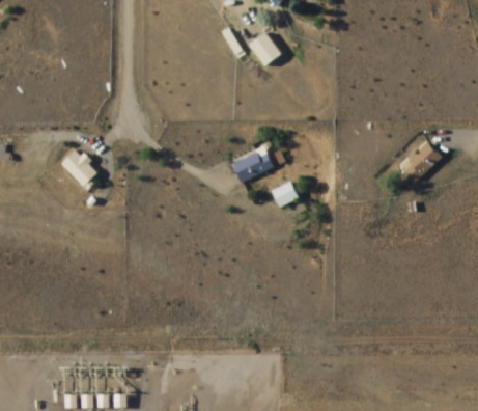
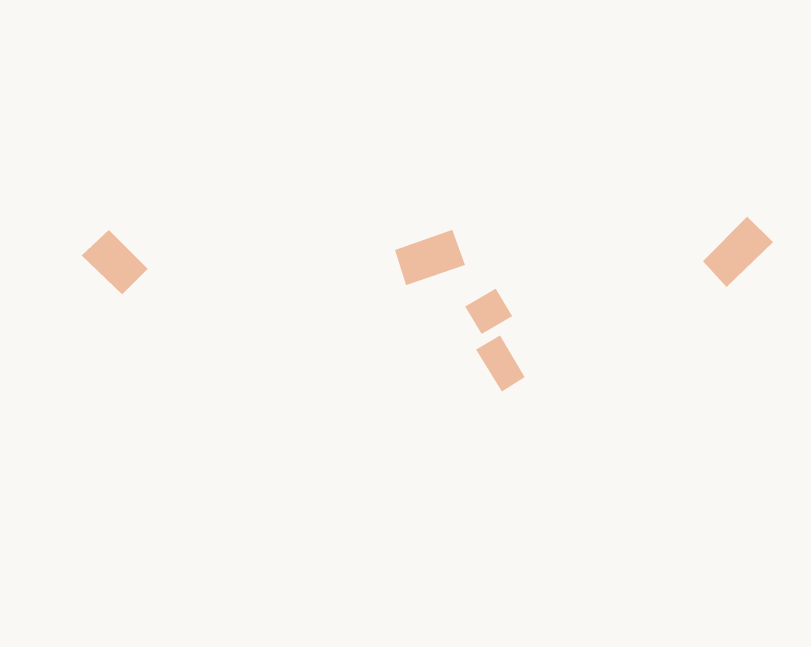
building: [249,33,281,66] -> none
building: none -> [475,334,525,393]

